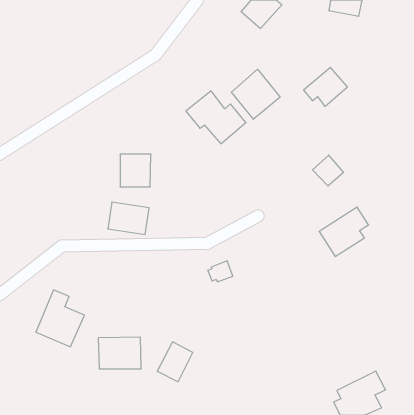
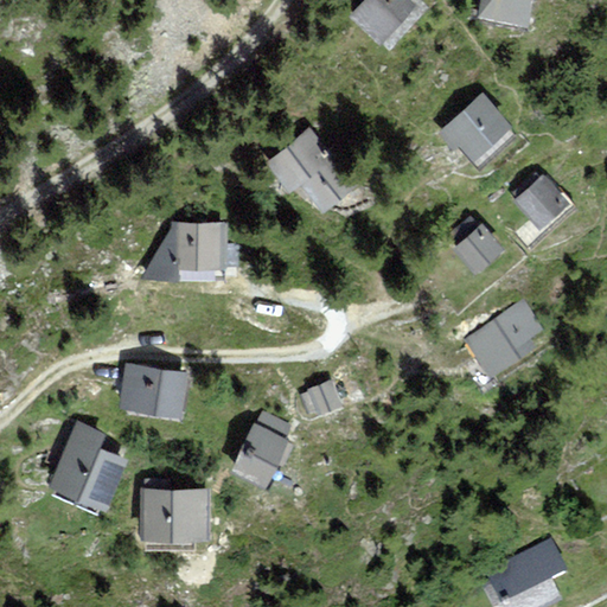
building: [231,69,280,119] -> none
building: none -> [516,177,566,225]
building: [108,202,149,235] -> [123,366,184,414]
building: [157,342,193,382] -> [232,426,285,484]

